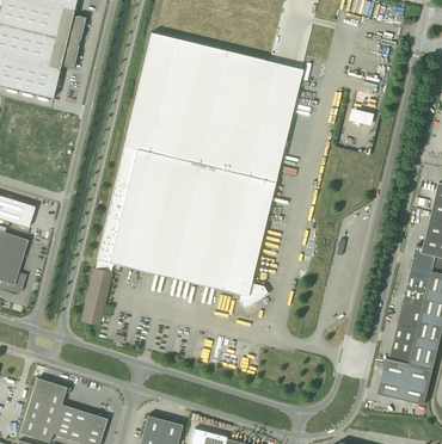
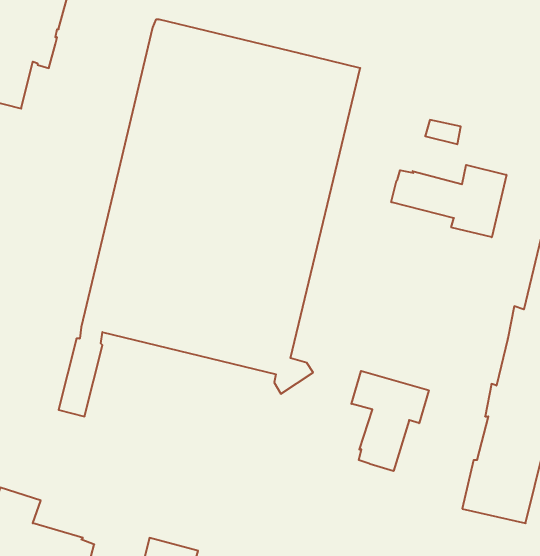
building: none -> [391,165,506,237]
building: none -> [351,371,429,471]

